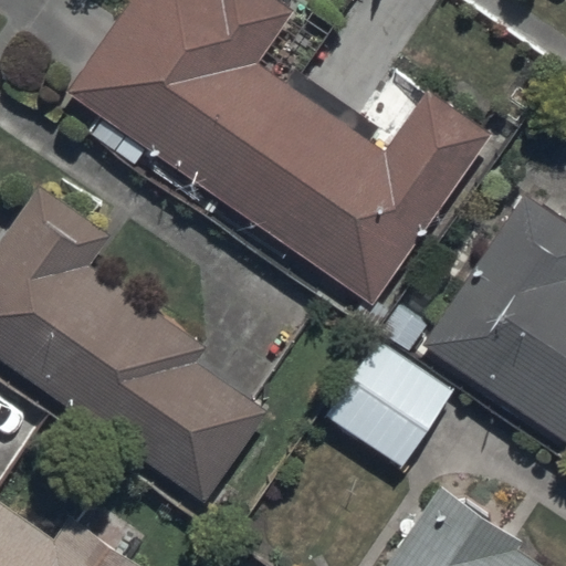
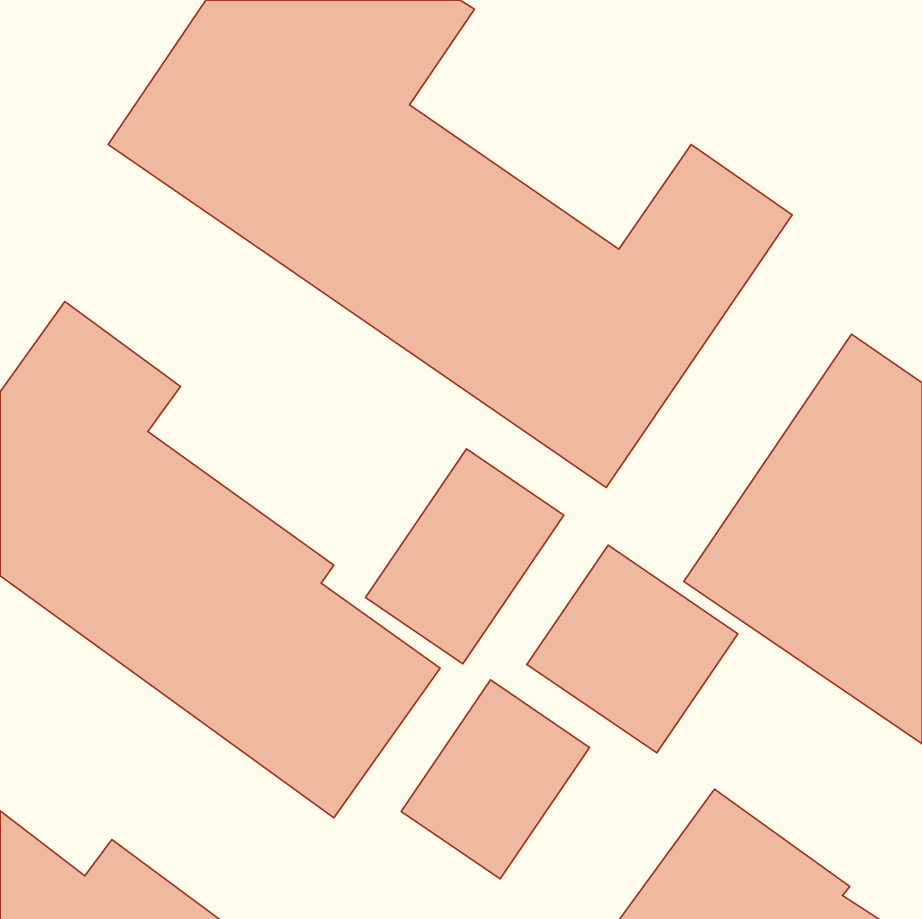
building: none -> [365,449,564,664]
building: none -> [401,680,590,879]

